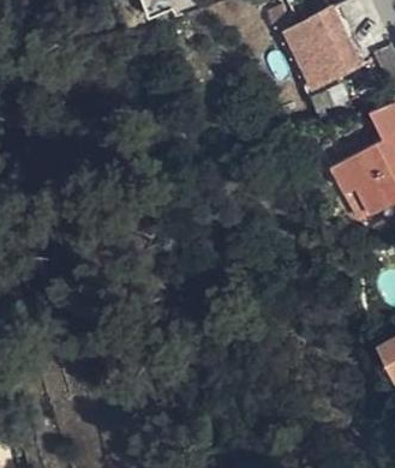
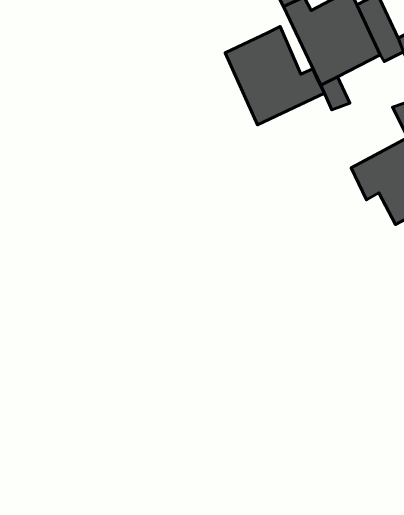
building: none -> [225,26,324,125]

